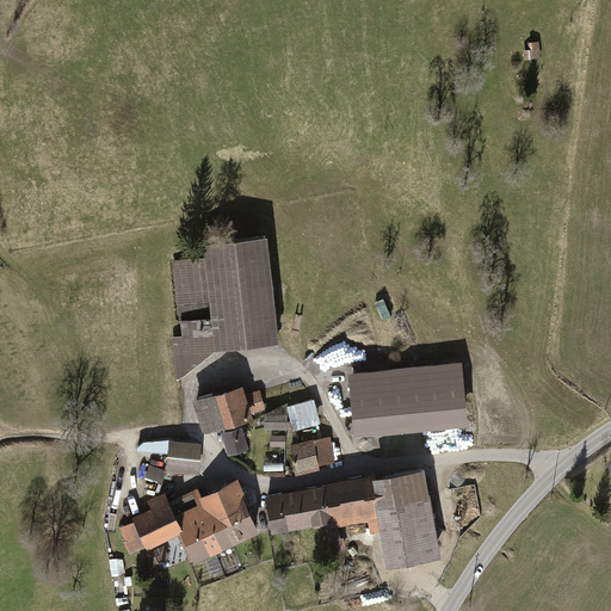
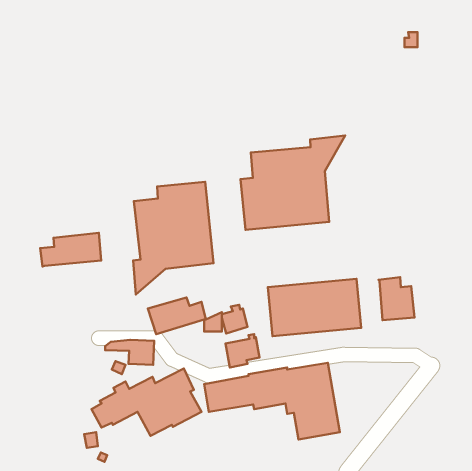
building: none -> [241,135,345,230]
building: none -> [40,233,101,267]
building: none -> [379,277,415,320]
building: [221,427,247,457] -> none

